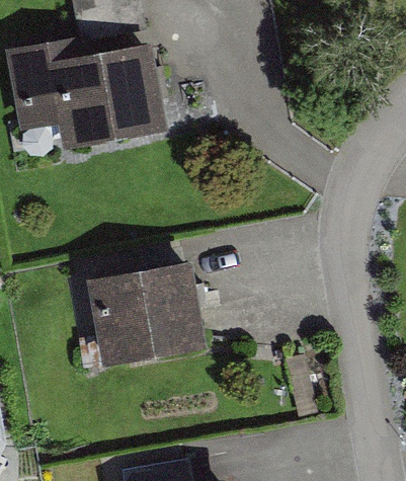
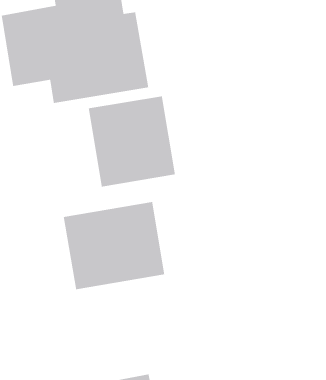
building: none -> [88,95,176,187]

